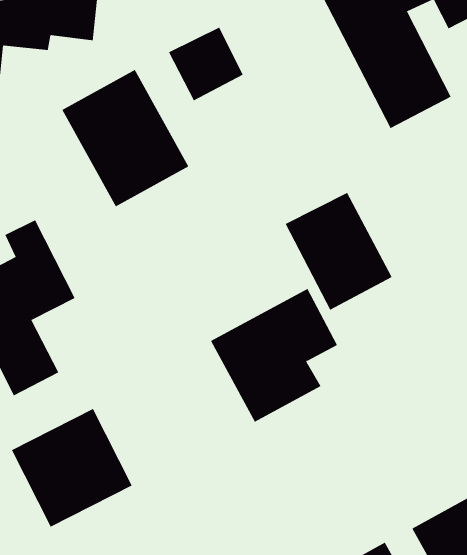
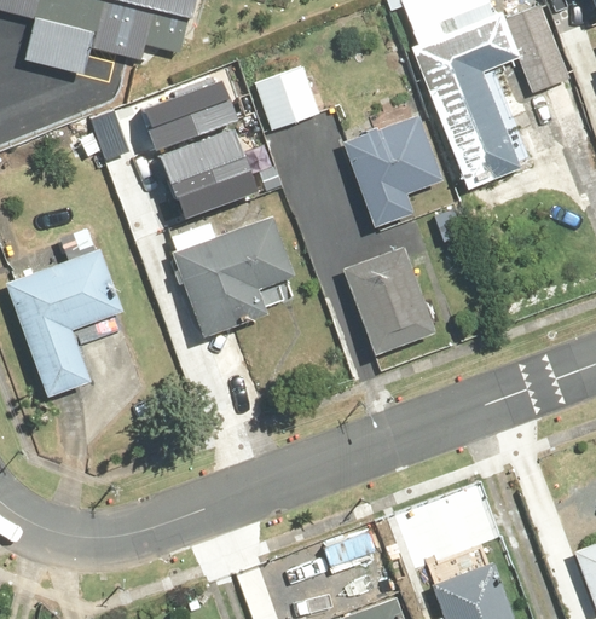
building: none -> [341,109,446,228]
building: [210,288,338,423] -> [170,213,296,339]
building: [11,408,132,528] -> none

